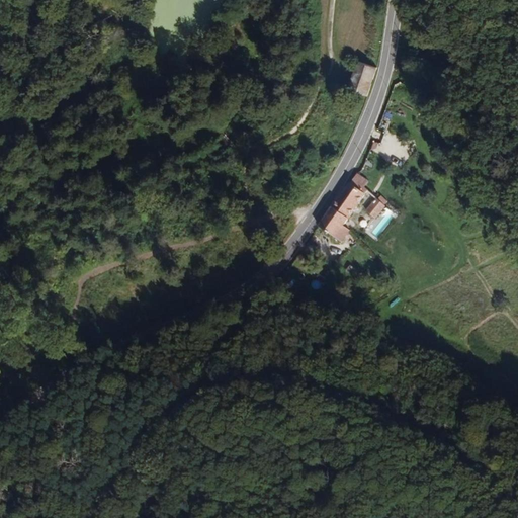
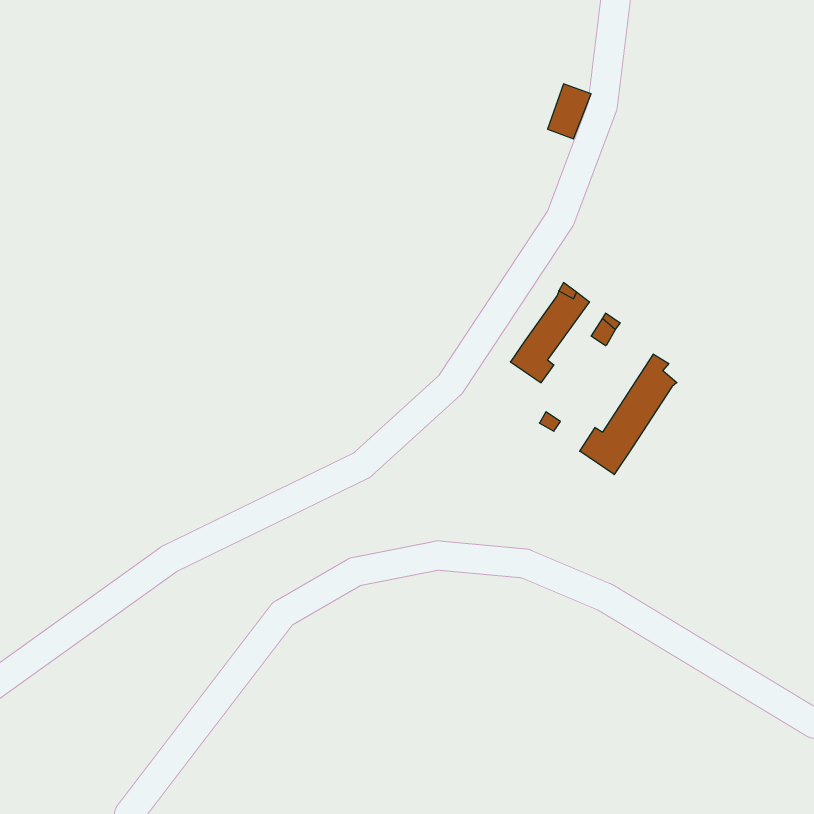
building: none -> [580,354,677,475]

